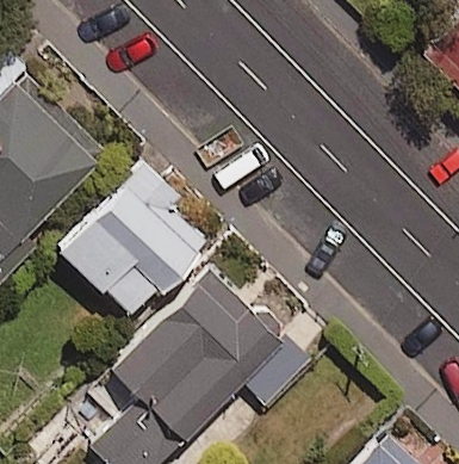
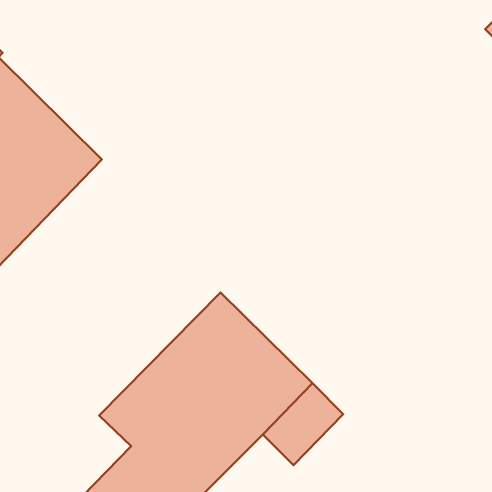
building: [58,163,207,321] -> none

